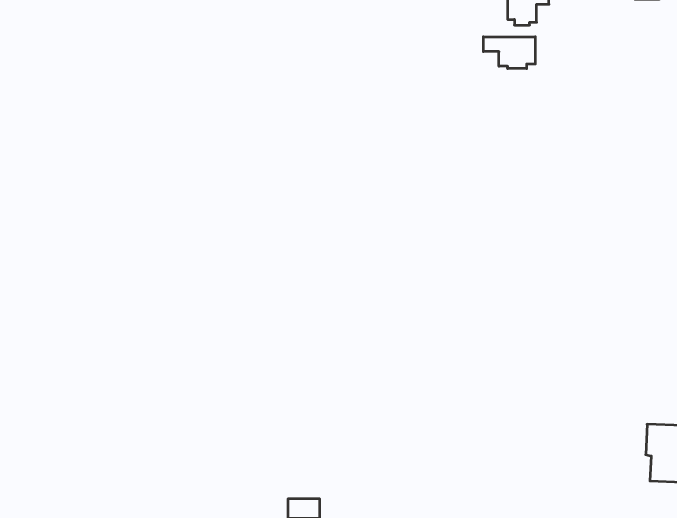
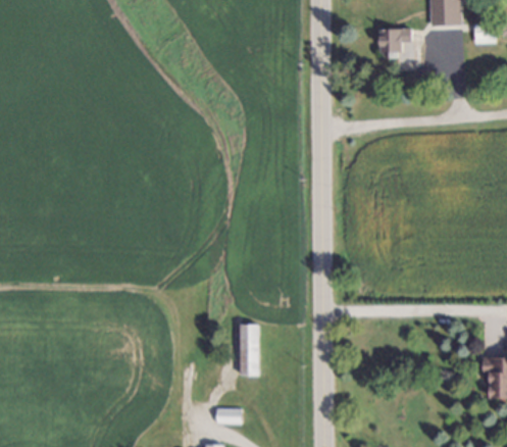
building: [483,37,535,69] -> none
building: none -> [241,328,258,376]

